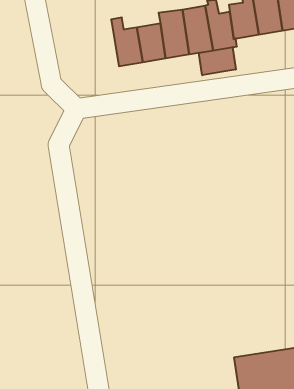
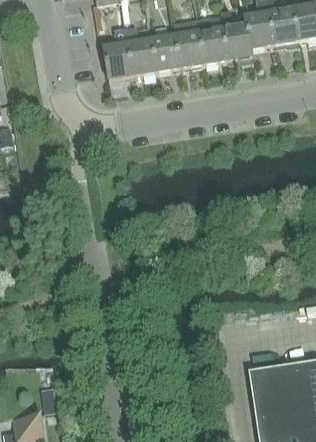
building: none -> [102,27,132,81]
building: [199,47,236,75] -> none

